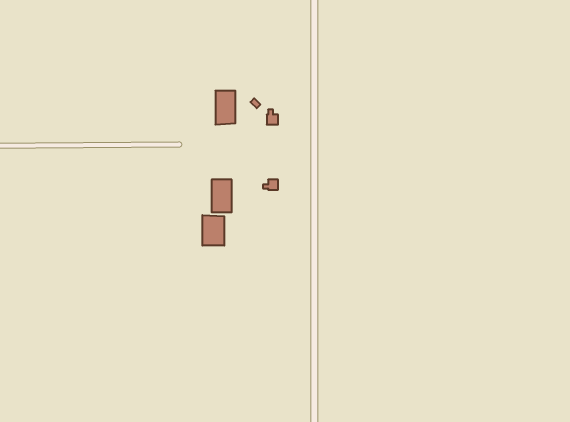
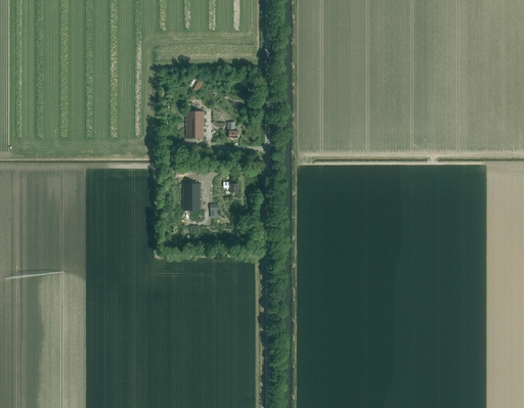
building: [202,215,224,246] -> none

